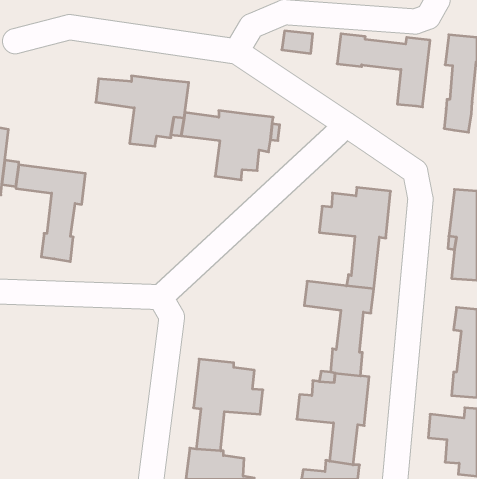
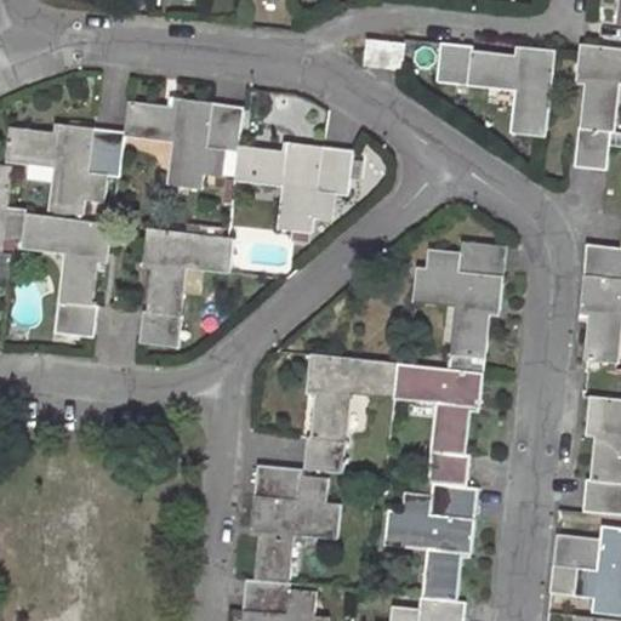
building: none -> [5,125,124,215]
building: none -> [138,228,232,348]
building: none -> [302,355,397,473]

